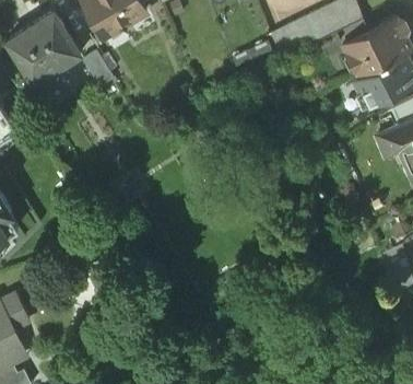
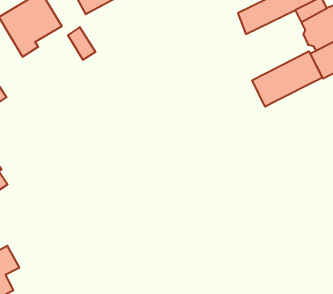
building: none -> [252,51,322,107]

